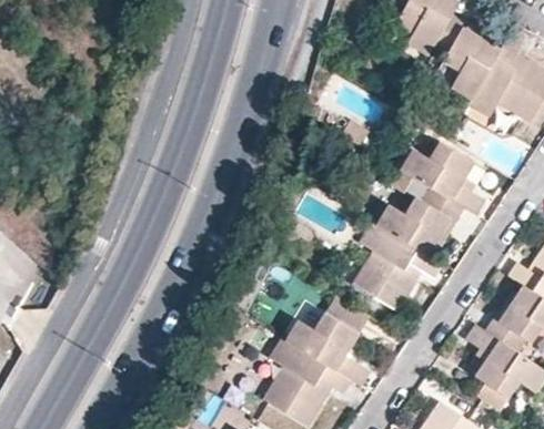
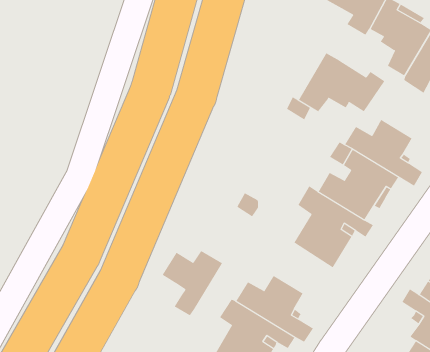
building: none -> [298,53,385,112]
building: none -> [162,250,223,316]

